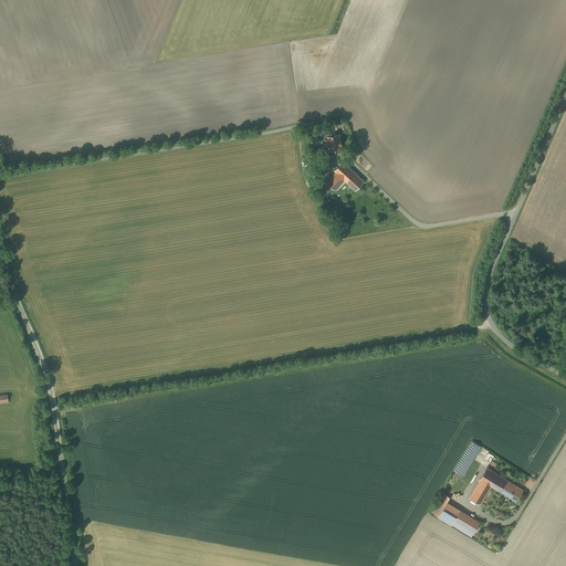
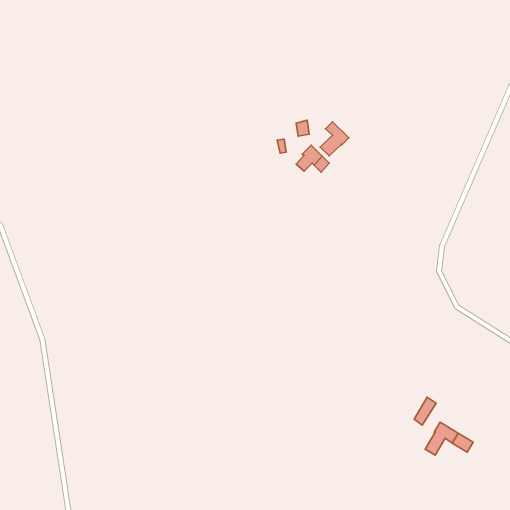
building: none -> [320,122,349,156]
building: [439,501,481,535] -> none

